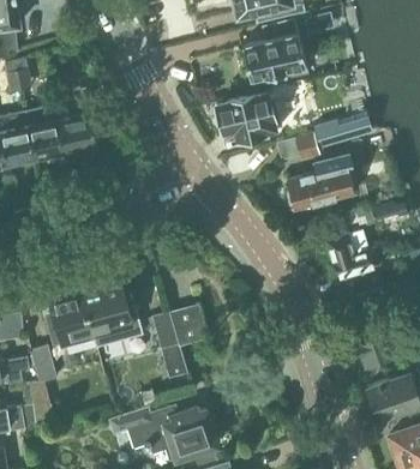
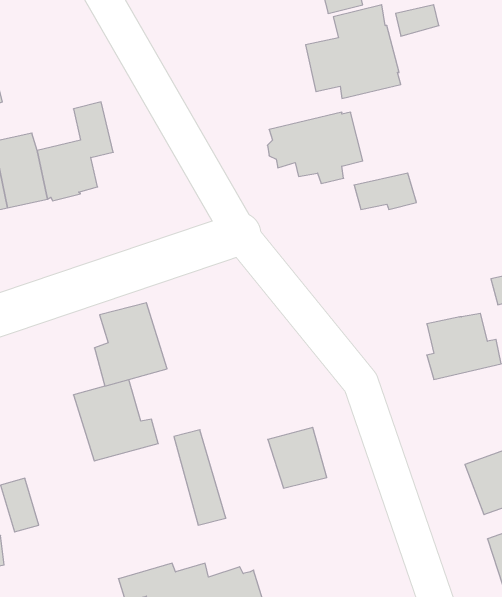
building: [316,114,373,152] -> none
building: [286,163,354,211] -> none
building: [46,289,96,347] -> [94,303,167,386]
building: [169,305,210,347] -> [268,427,327,488]

